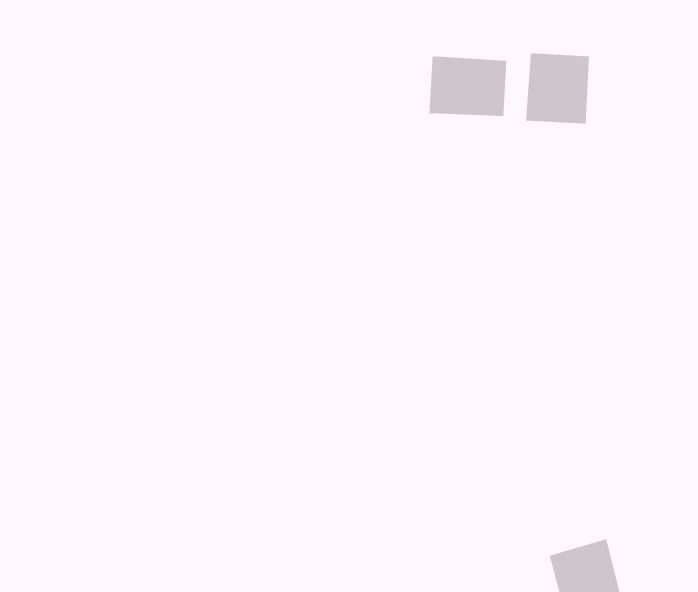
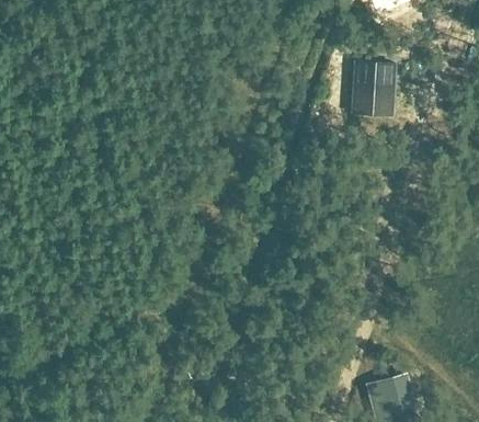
building: [429,56,507,117] -> none

